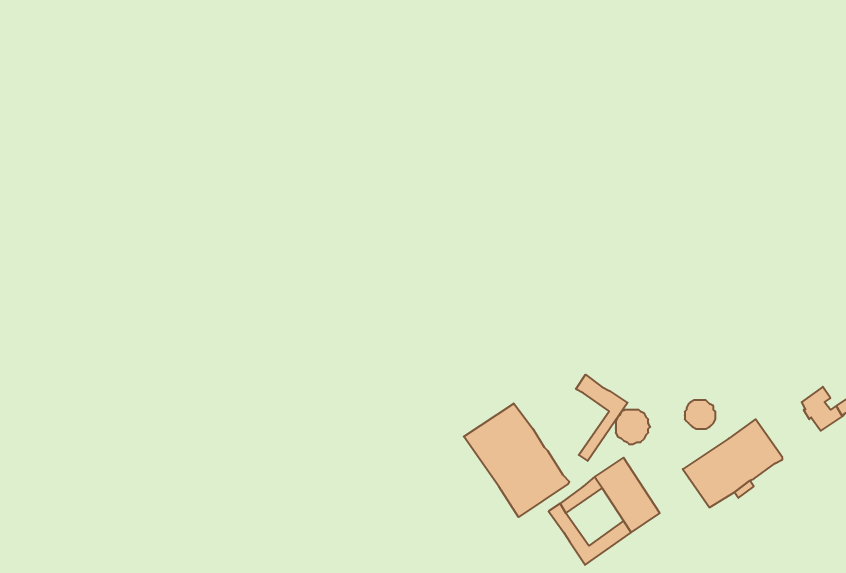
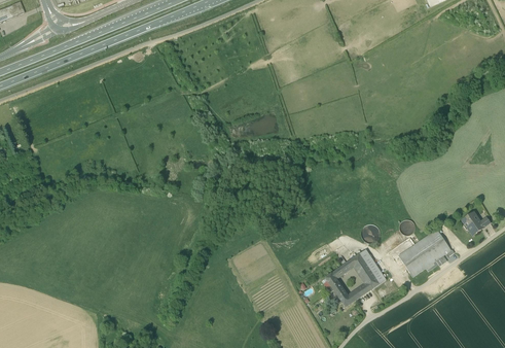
building: [576,375,628,461] -> none
building: [464,403,569,517] -> none

